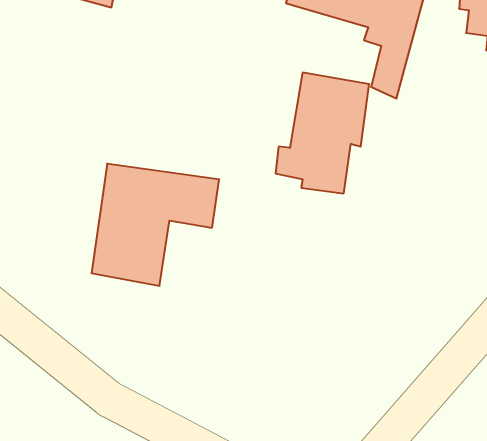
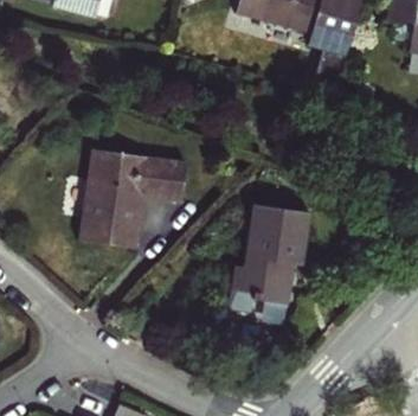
building: [276,73,369,193] -> [230,203,308,303]

